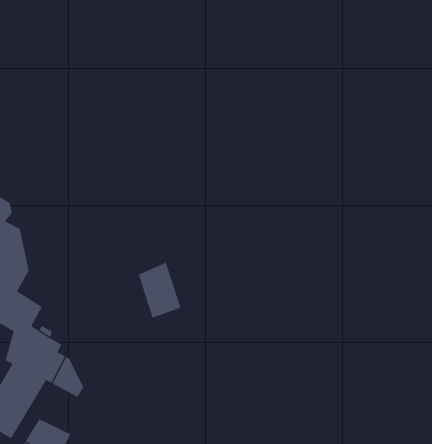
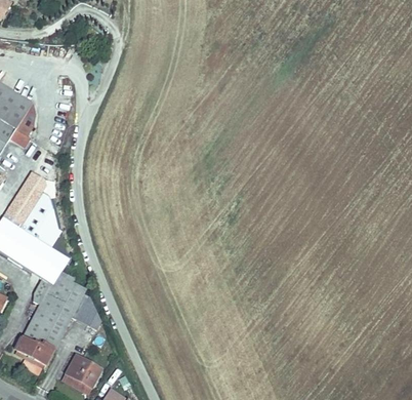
building: [138,262,181,318] -> none

